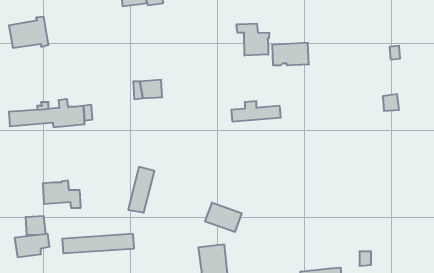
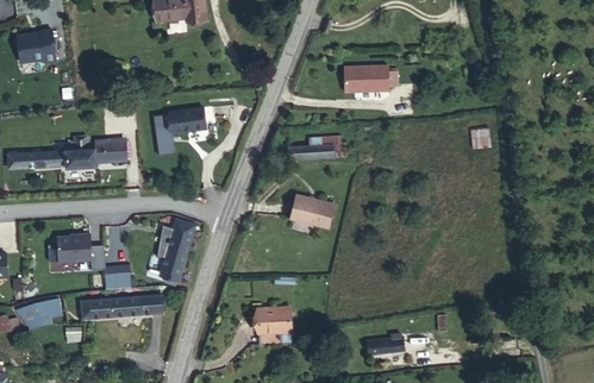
building: [237,24,269,56] -> none
building: [205,203,242,232] -> [281,192,326,227]
building: [25,216,46,235] -> [102,264,127,287]

